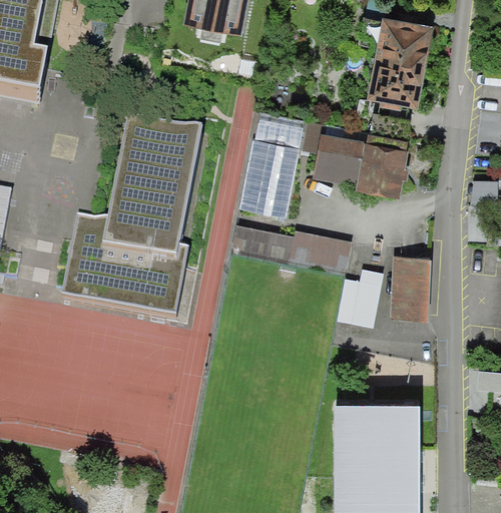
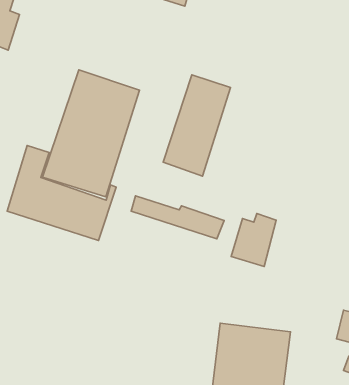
building: [365,12,435,108] -> none
building: [310,130,408,203] -> none
building: [236,225,349,265] -> [131,196,224,239]
building: [387,254,429,323] -> none

